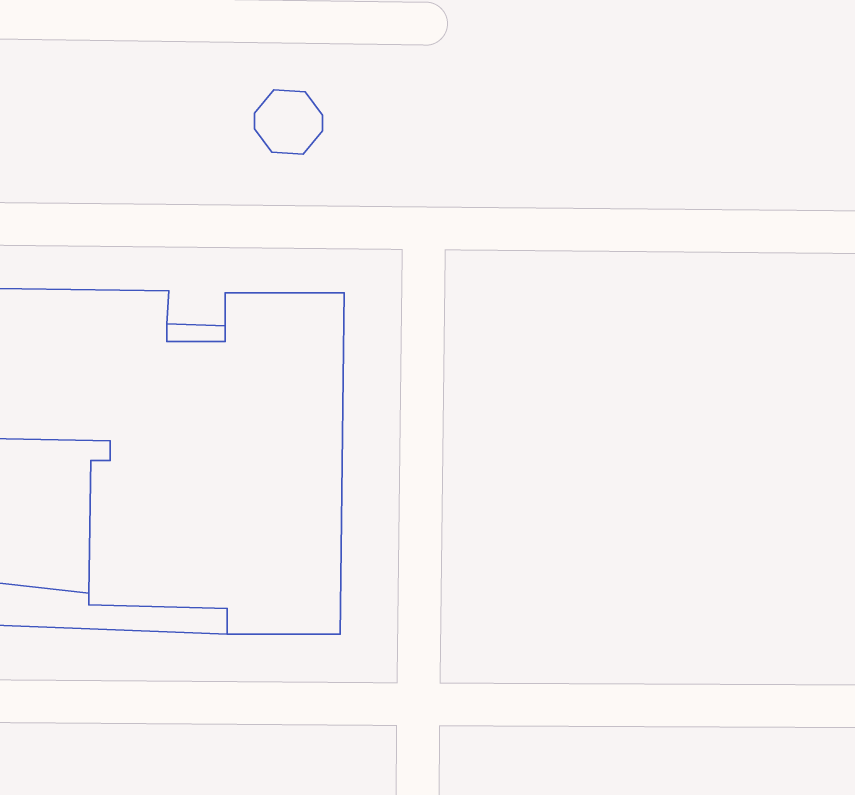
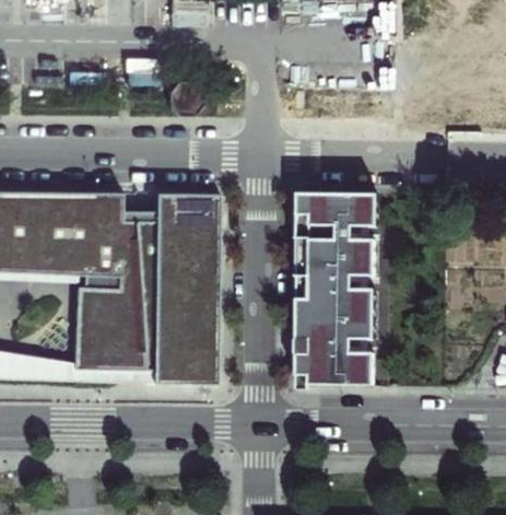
building: none -> [295,194,376,386]

